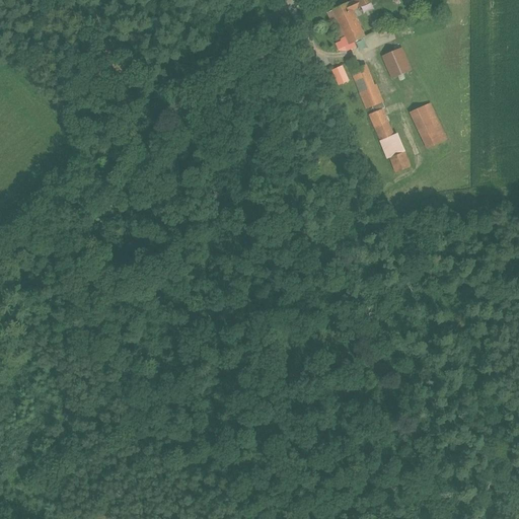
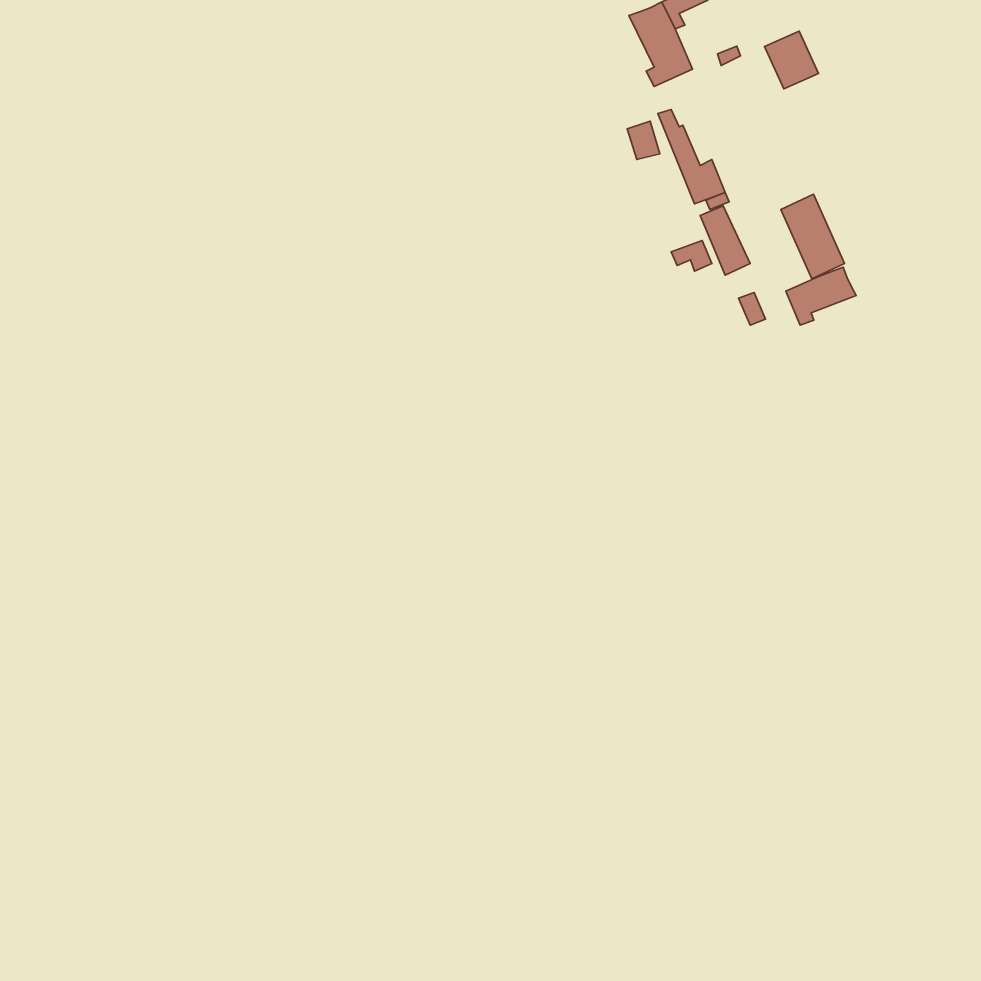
building: [382,47,411,77] -> [765,31,819,89]
building: none -> [786,267,856,325]

